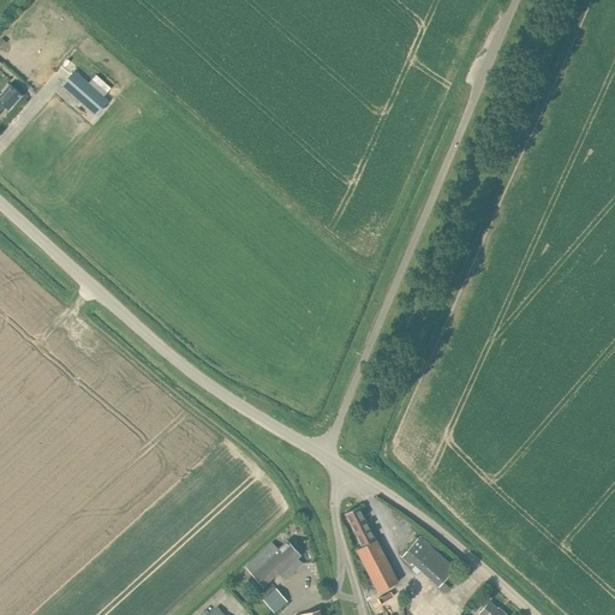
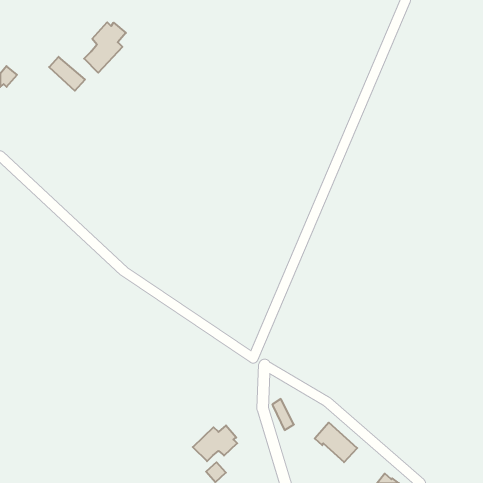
building: none -> [84,22,126,73]
building: [356,539,396,590] -> none

